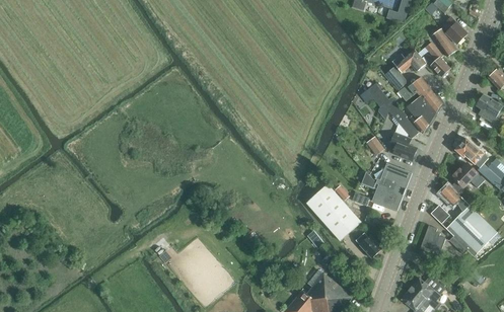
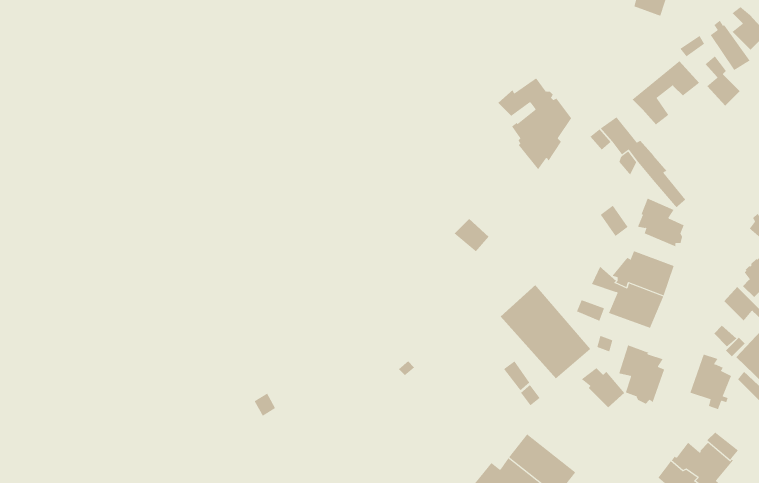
building: [398,77,442,133] -> [497,77,572,171]
building: none -> [618,345,665,404]

